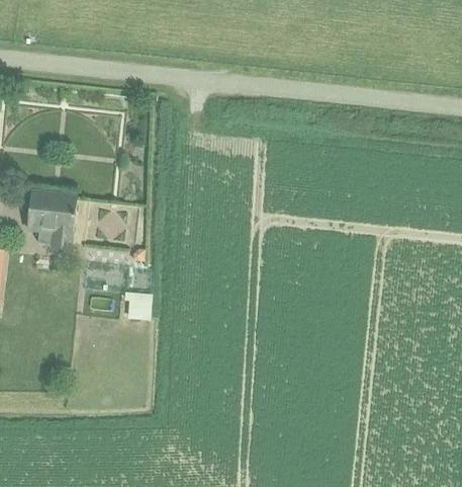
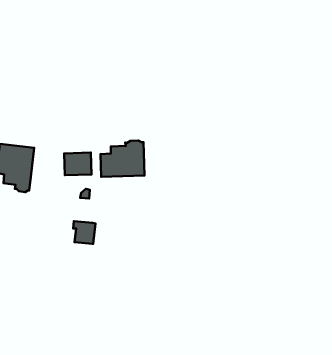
building: none -> [101,141,145,177]

